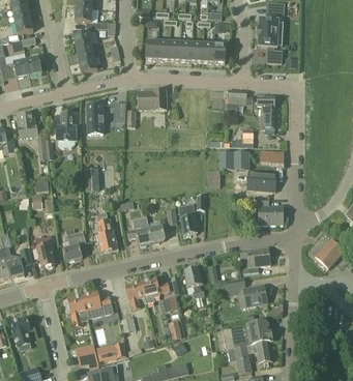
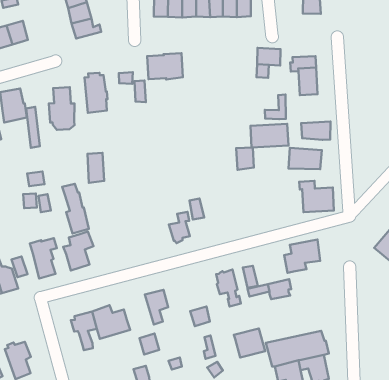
building: [178,204,198,236] -> none
building: [96,211,116,252] -> [62,184,89,233]
building: [127,216,152,245] -> none
building: [142,277,170,302] -> none
building: [243,284,268,306] -> [234,329,265,358]

